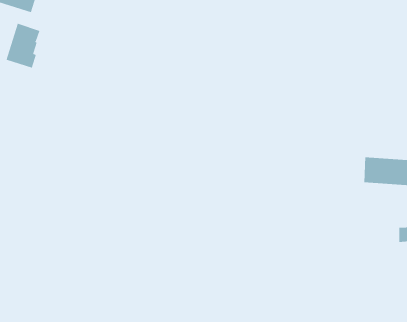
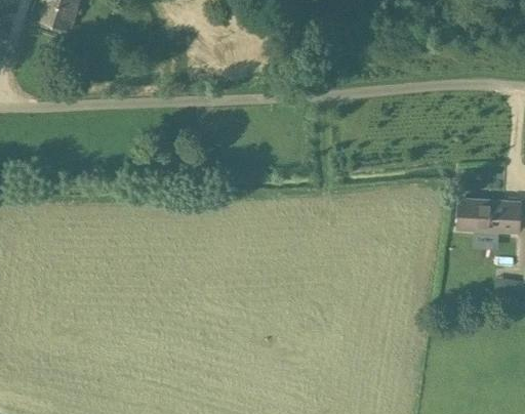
building: [6,23,40,69] -> none

